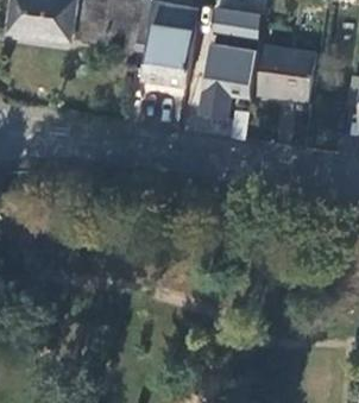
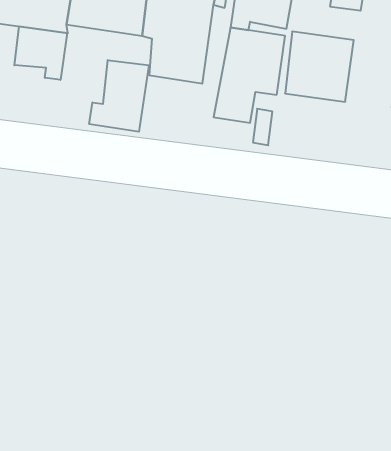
building: none -> [14,26,67,80]
building: none -> [89,60,149,132]

